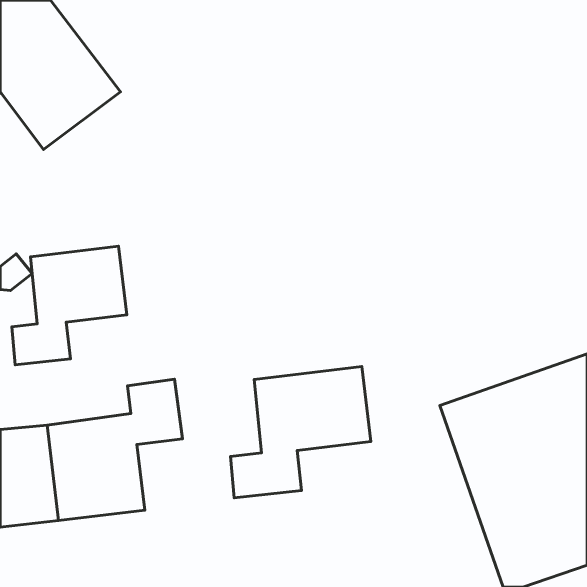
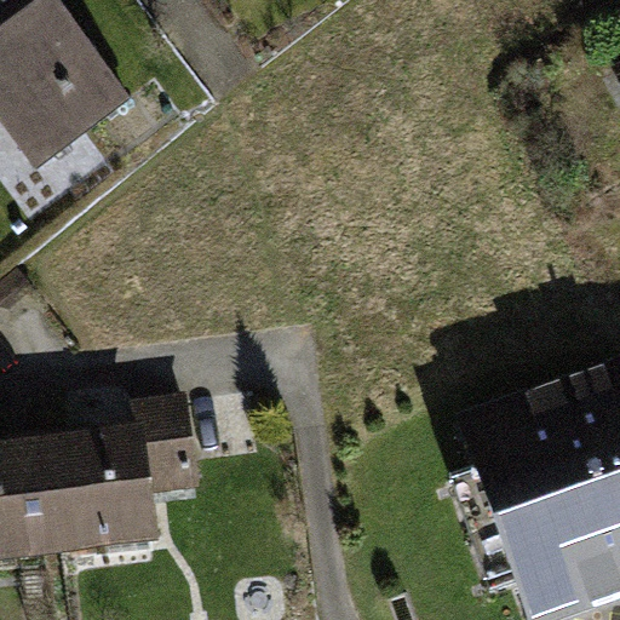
building: [12,246,127,365] -> none
building: [230,367,371,498] -> none

